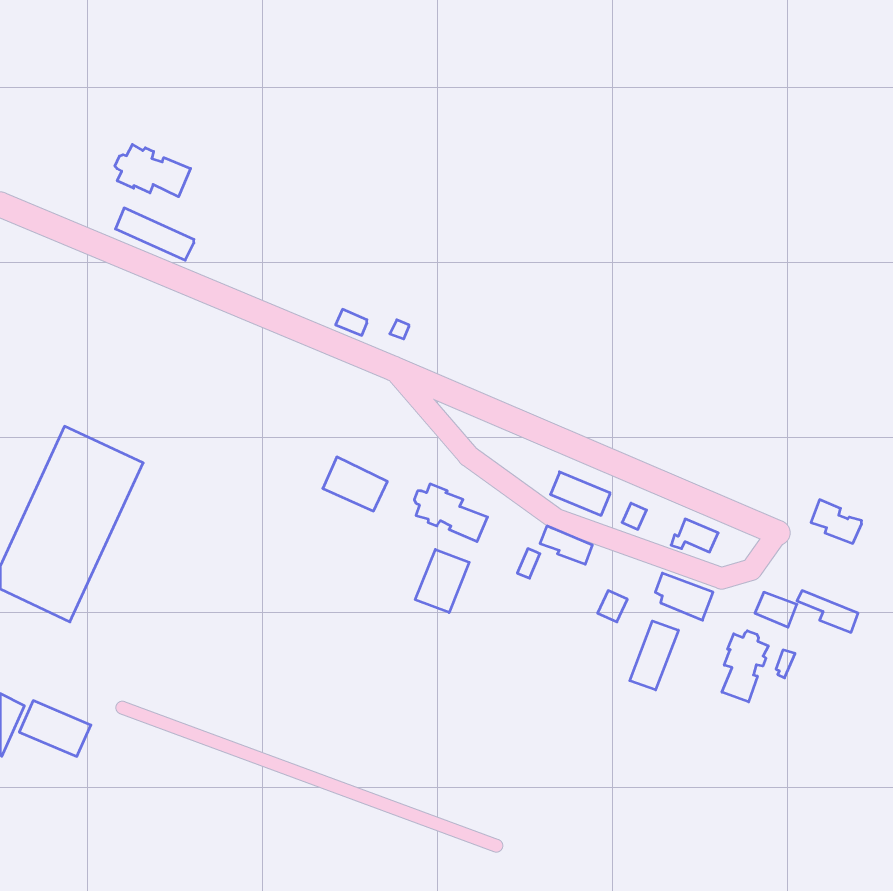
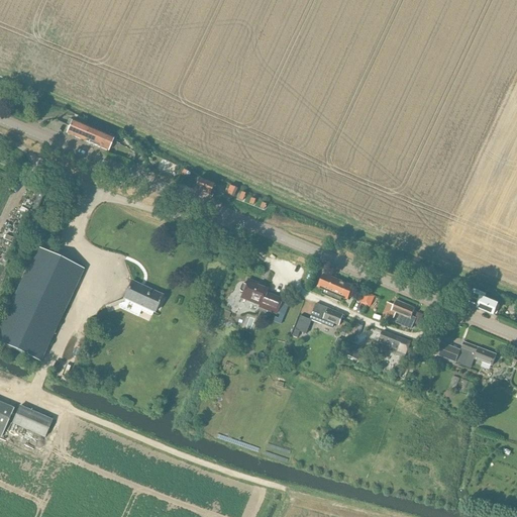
building: [115,144,191,197] -> none
building: [323,457,387,511] -> [125,282,163,313]
building: [415,549,469,613] -> none
building: [630,621,678,690] -> none
building: [722,631,768,702] -> none

